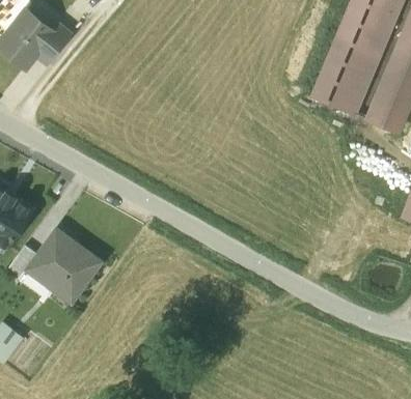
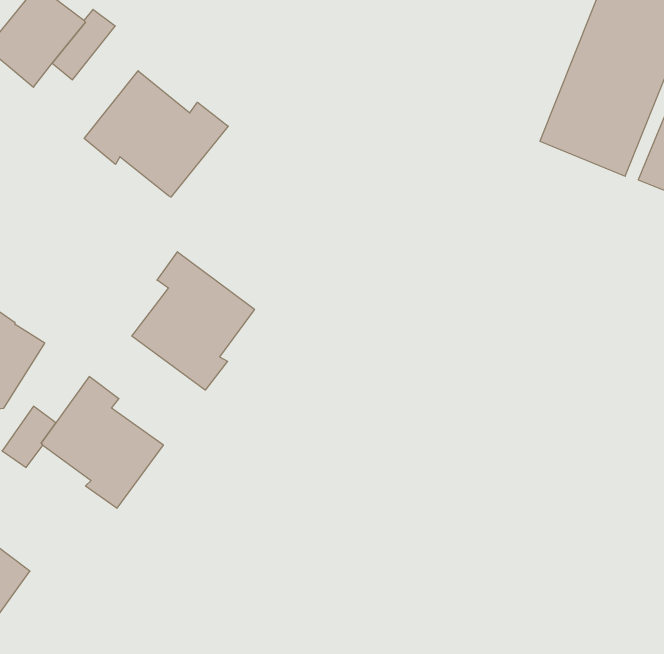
building: none -> [84,71,228,197]
building: none -> [132,252,254,390]

